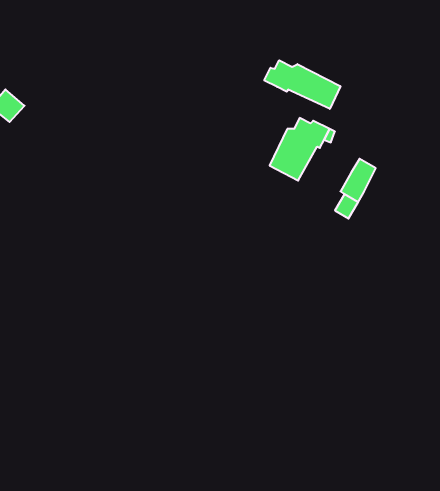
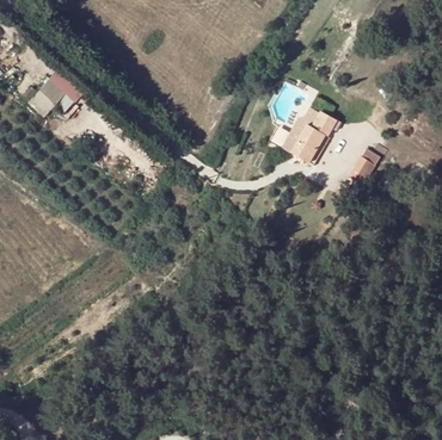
building: [264,60,340,109] -> none

